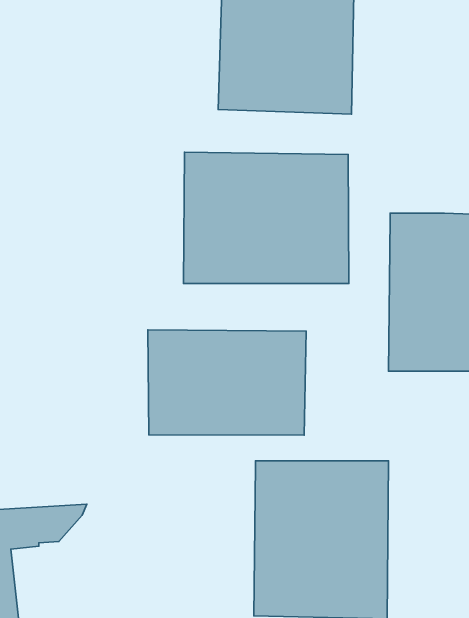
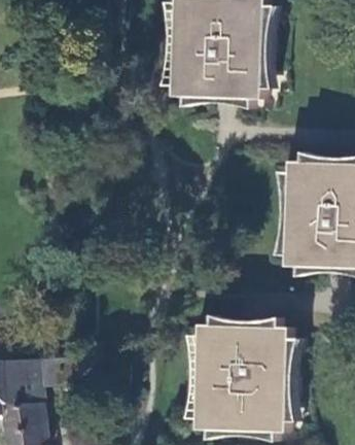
building: [183,152,349,284] -> none
building: [148,330,306,435] -> none

